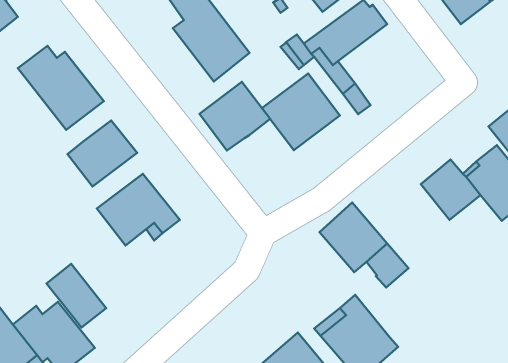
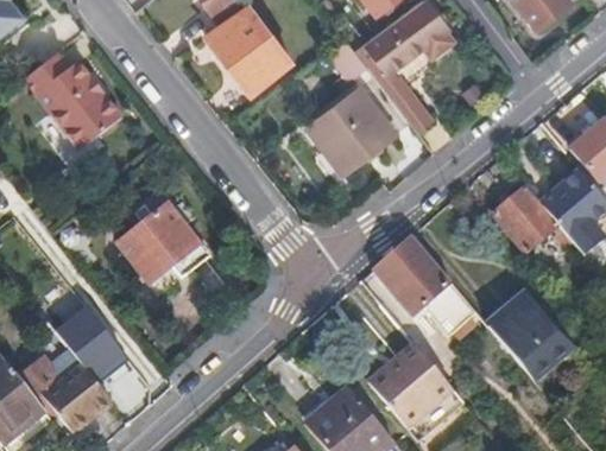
building: [200,82,270,151] -> none
building: [67,121,137,187] -> none
building: none -> [485,290,574,381]

